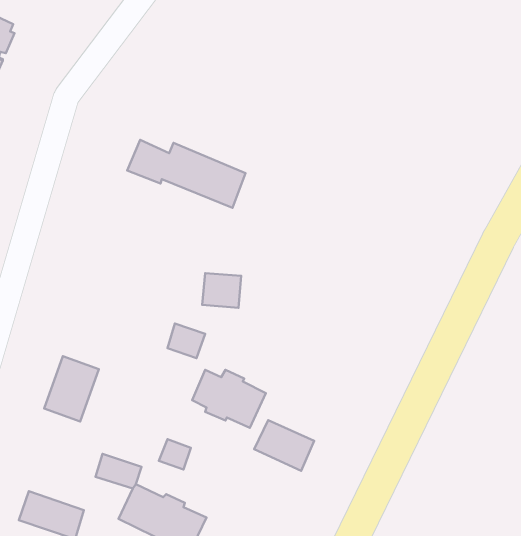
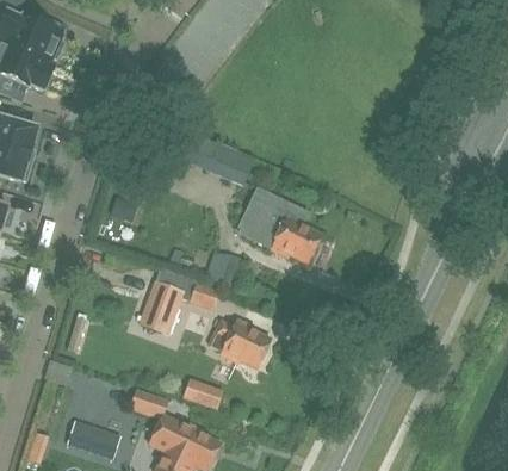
building: none -> [235,187,321,262]
building: [44,356,99,421] -> [140,280,185,334]
building: [254,420,314,471] -> none

